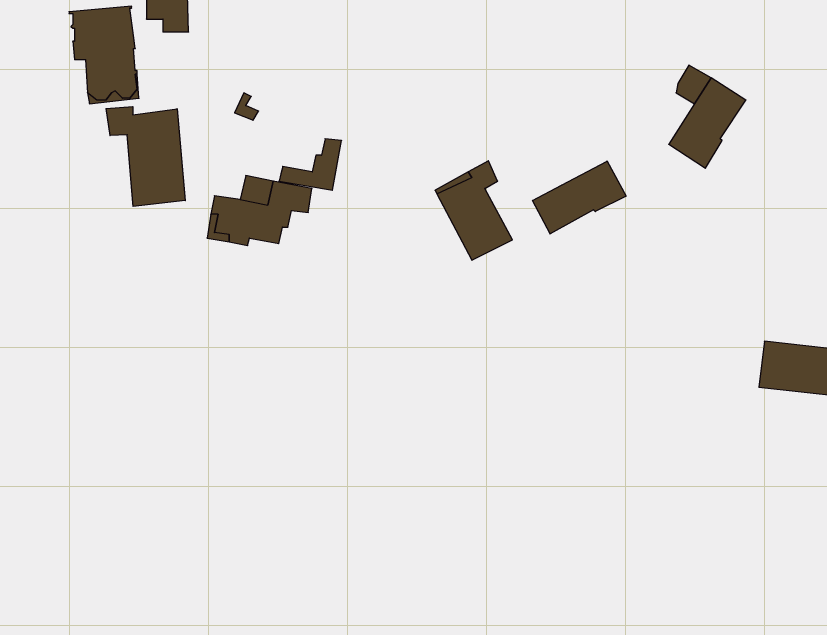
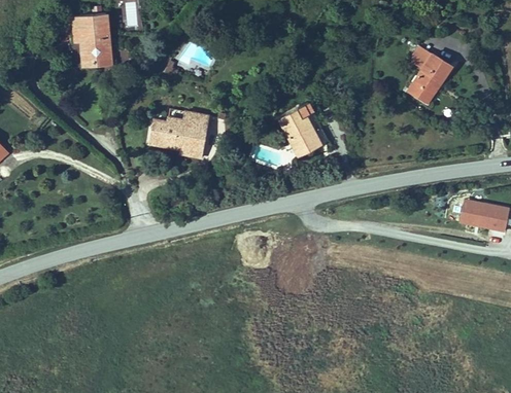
building: [106,107,185,206] -> none
building: [279,139,342,190] -> [171,128,206,156]
building: [533,161,626,234] -> none

